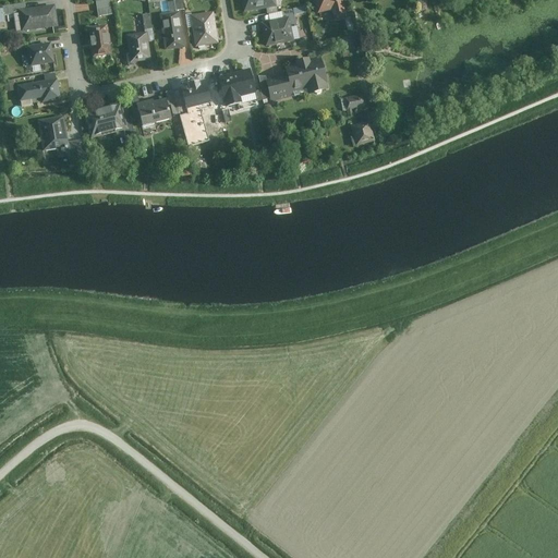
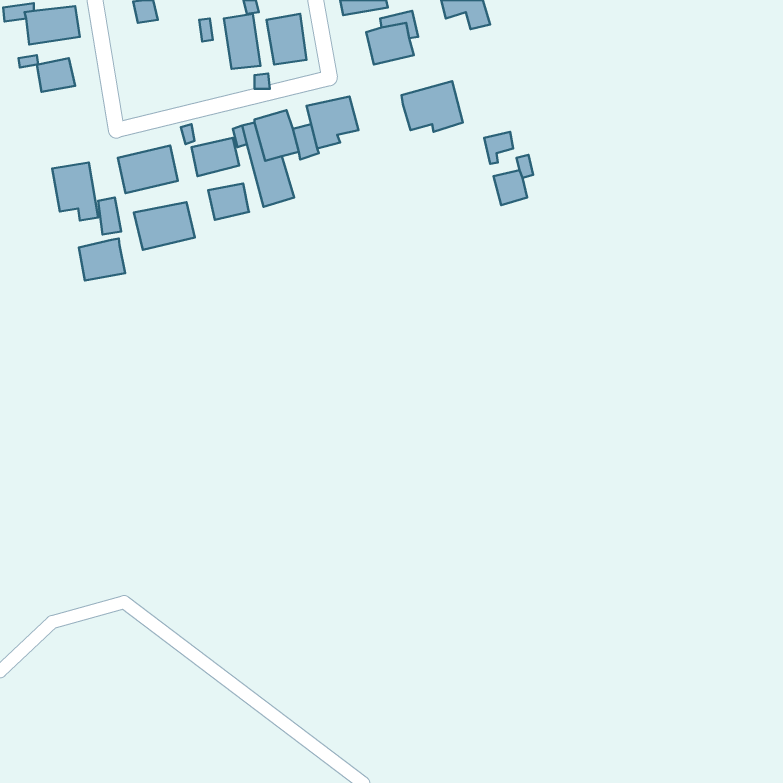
building: [87,24,110,57] -> none
building: [125,32,150,62] -> none
building: [266,74,293,102] -> none
building: [15,78,60,101] -> none
building: none -> [208,183,249,220]
building: none -> [134,202,195,250]
building: none -> [79,239,125,281]

